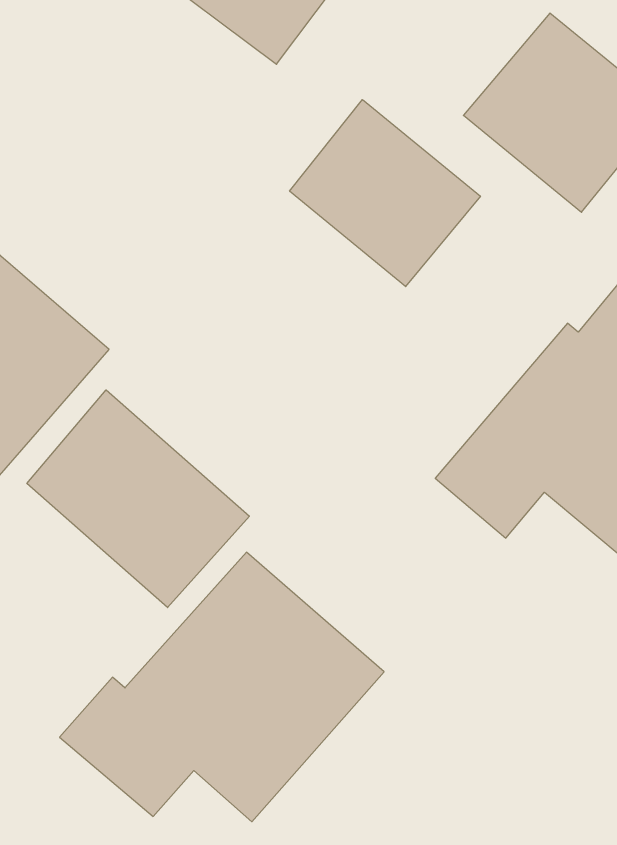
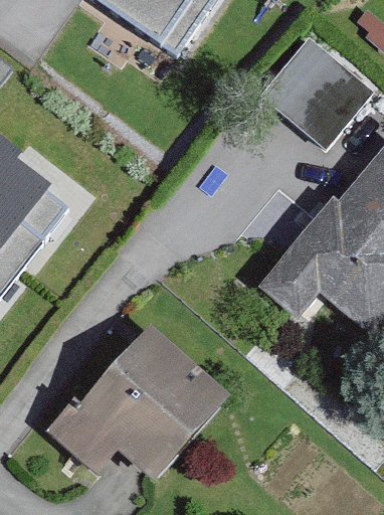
building: [290,100,480,287] -> none
building: [27,390,249,608] -> none

